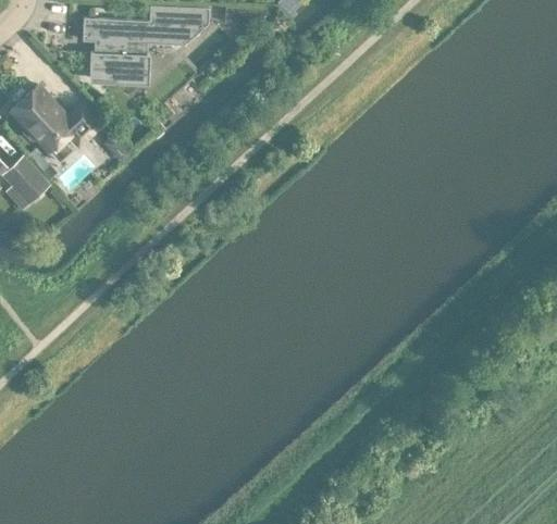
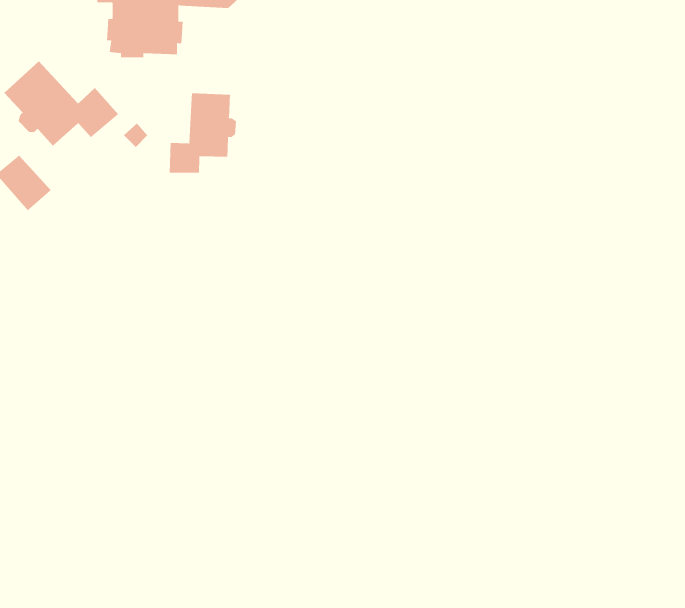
building: none -> [169,92,237,173]

